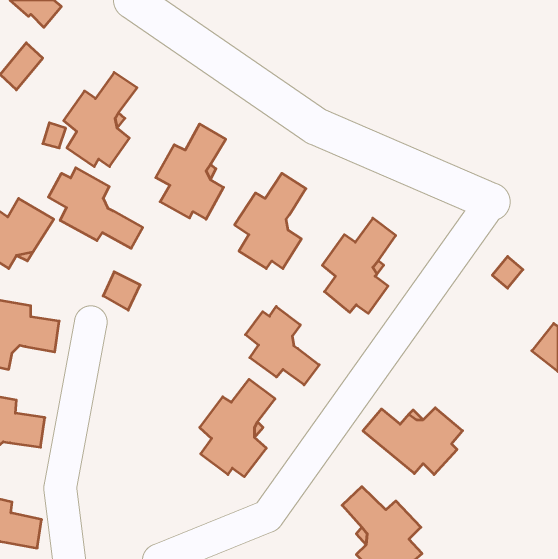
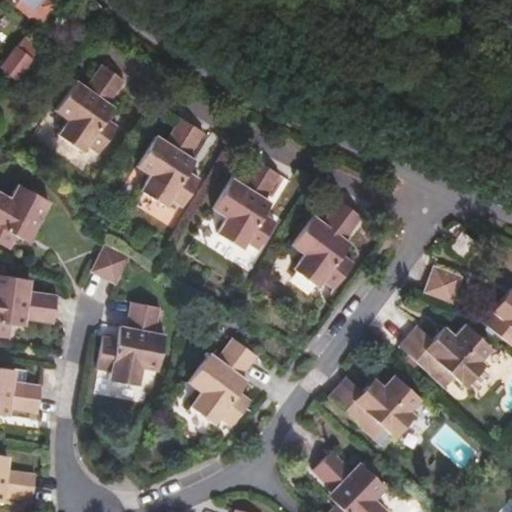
building: [48,168,143,248] -> none
building: none -> [425,267,463,301]
building: [245,306,319,385] -> none
building: none -> [95,305,164,388]
building: none -> [401,324,492,386]

